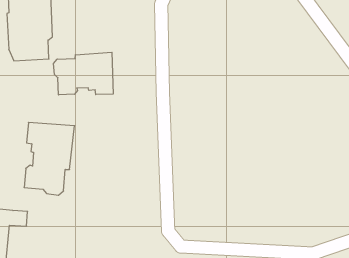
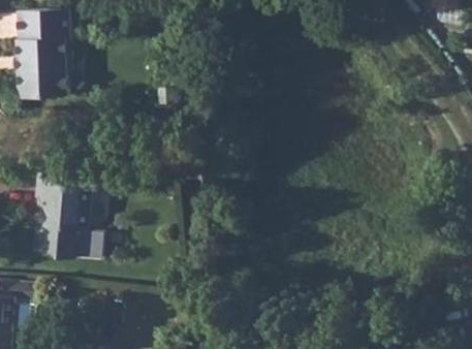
building: [53,52,113,95] -> none

